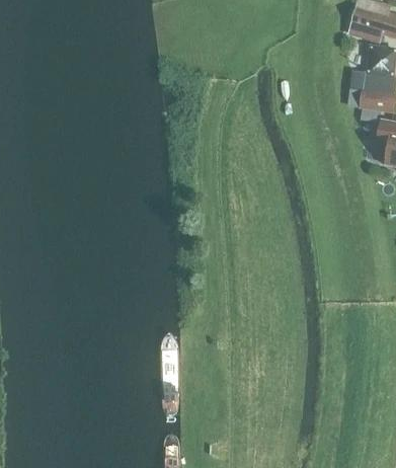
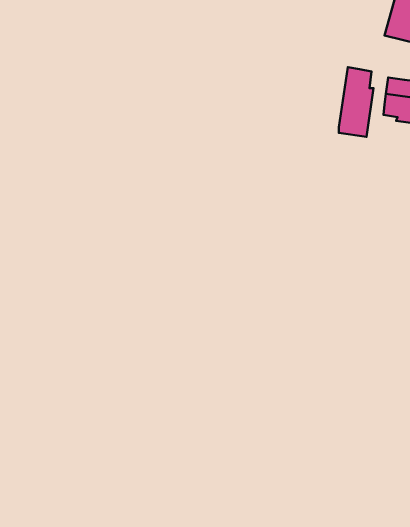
building: none -> [339,67,374,137]

